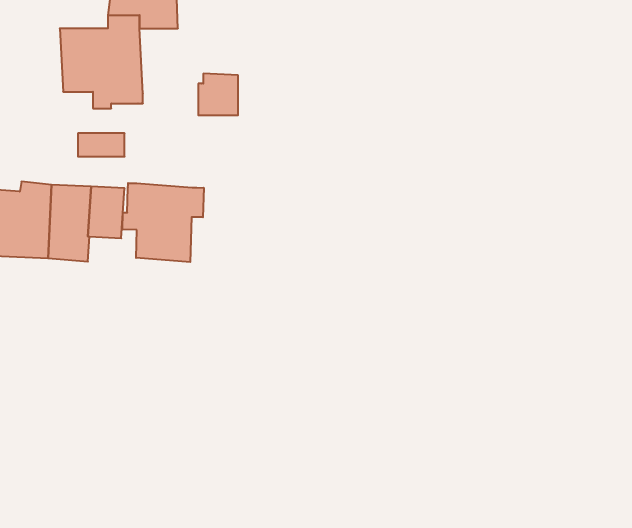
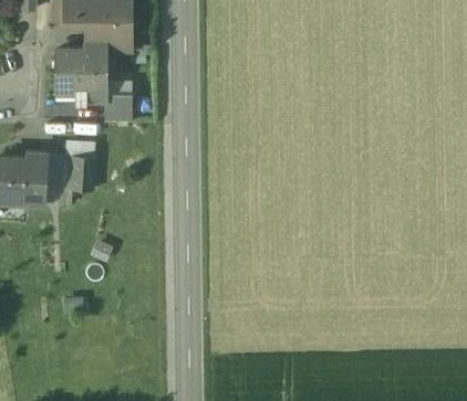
building: [198,74,238,115] -> [105,93,132,120]
building: [123,183,204,262] -> none

